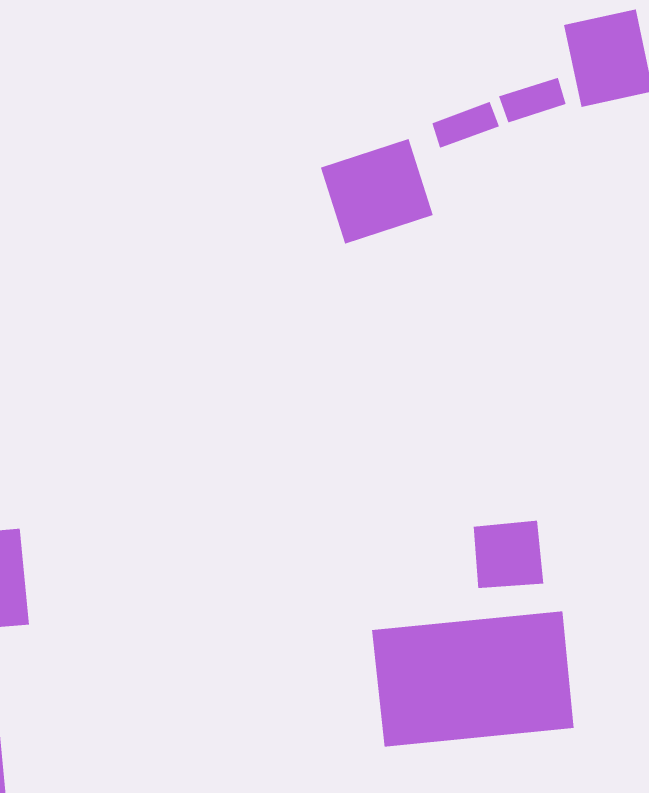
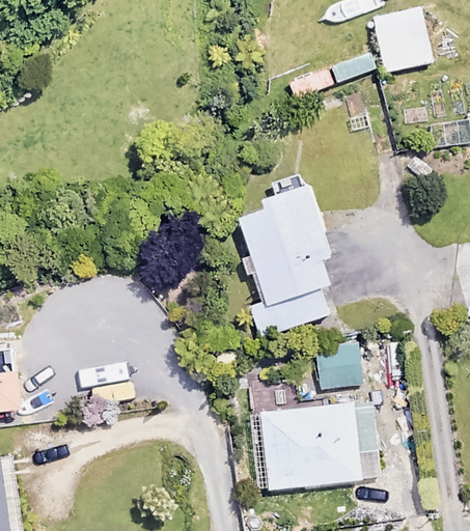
building: [320,138,434,245] -> none
building: none -> [237,171,331,336]

